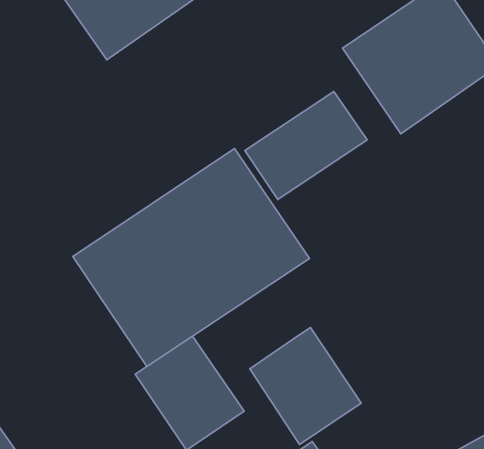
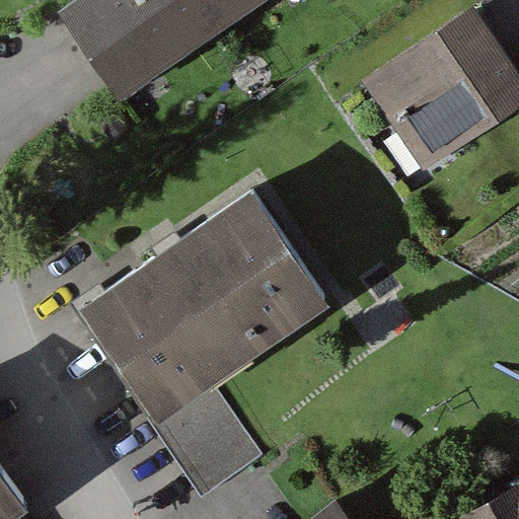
building: [245,92,367,200] -> none
building: [250,327,361,444] -> none

